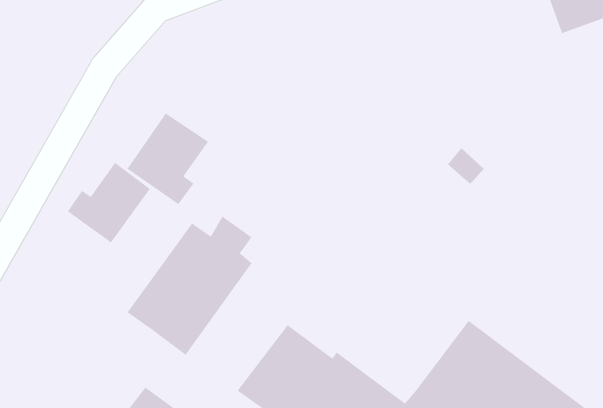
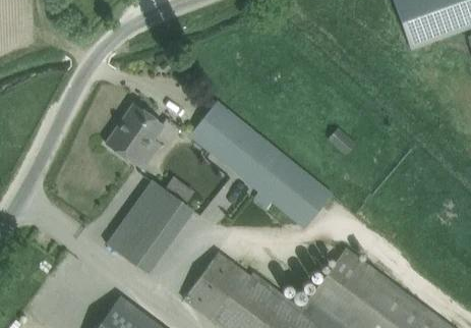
building: none -> [190,103,333,228]
building: [67,162,151,244] -> none

